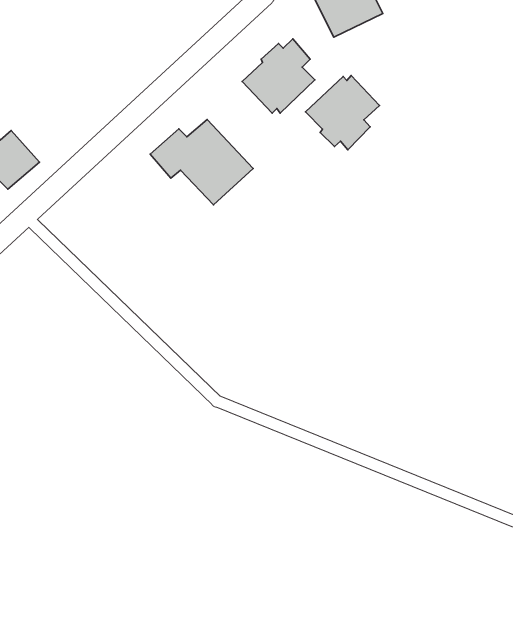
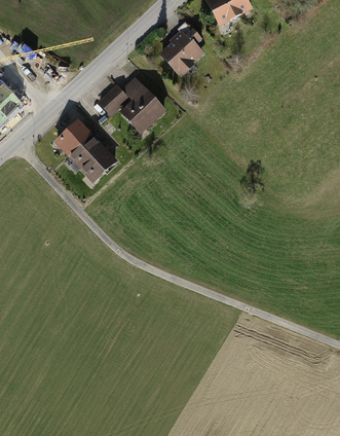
building: [306,75,379,150] -> none
building: none -> [53,118,117,183]

